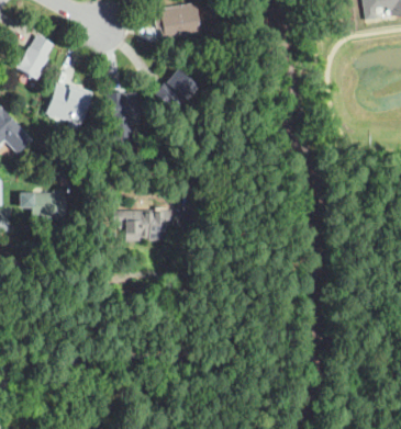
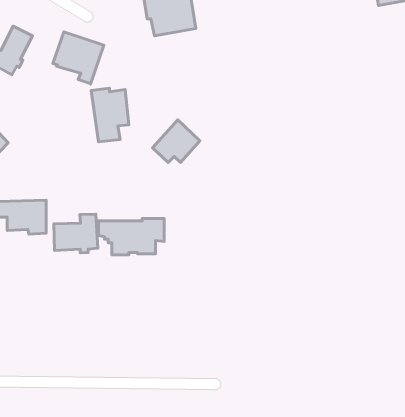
building: [155,69,198,108] -> [152,120,200,163]
building: [45,84,91,132] -> [53,32,104,84]
building: none -> [54,214,98,253]

